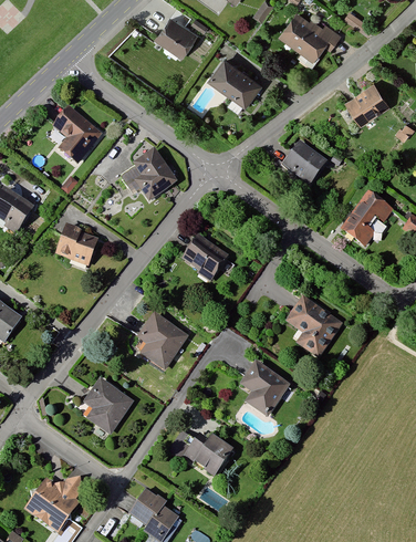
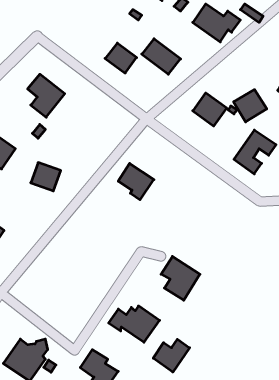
building: [156,20,199,61] -> [105,43,137,73]
building: [343,79,388,123] -> [234,90,267,122]
building: [122,155,179,207] -> none
building: [283,292,342,356] -> none
building: [133,308,188,369] -> none
building: [79,374,132,432] -> none
building: none -> [153,339,190,372]

